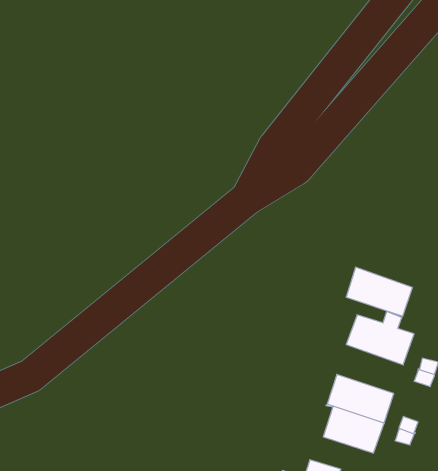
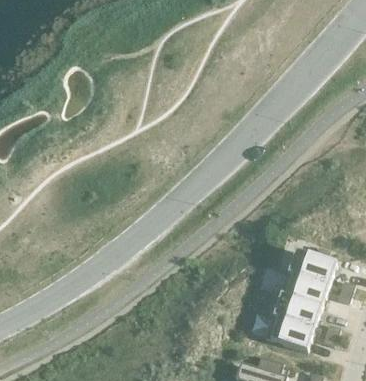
building: [346,267,412,316] -> [278,272,327,308]

